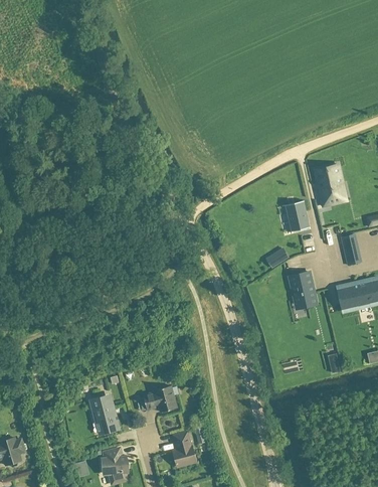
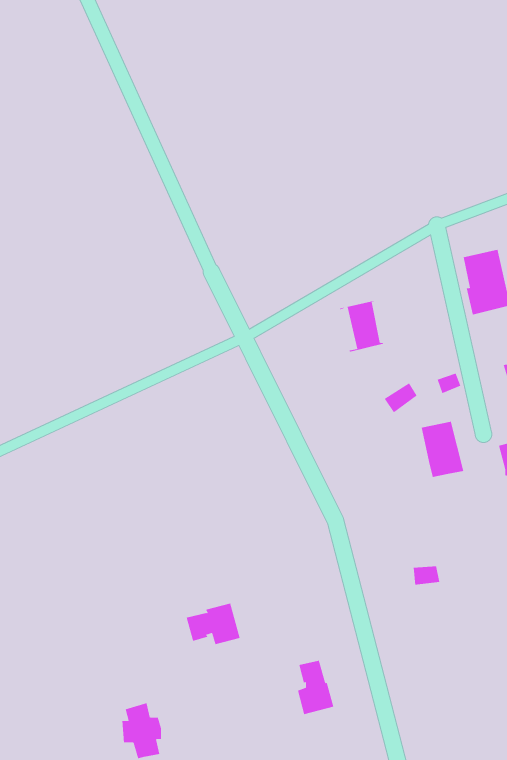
building: [280,200,309,232] -> [339,301,384,352]
building: [90,396,118,432] -> none
building: [172,432,195,466] -> [297,660,334,715]

